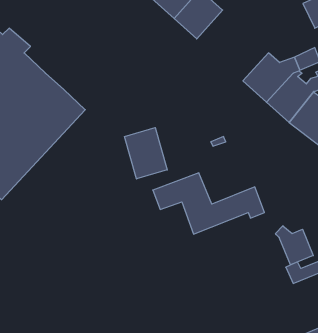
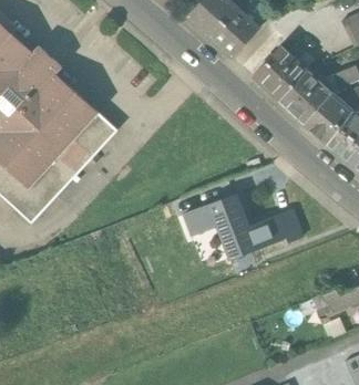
building: none -> [253,45,307,100]
building: [125,128,167,179] -> none
building: [276,226,313,265] -> none

